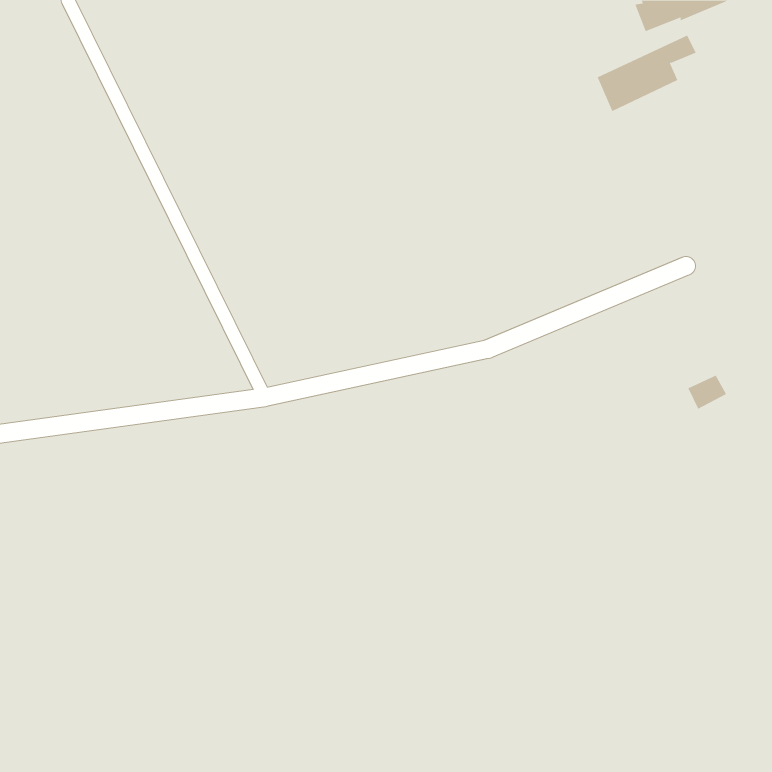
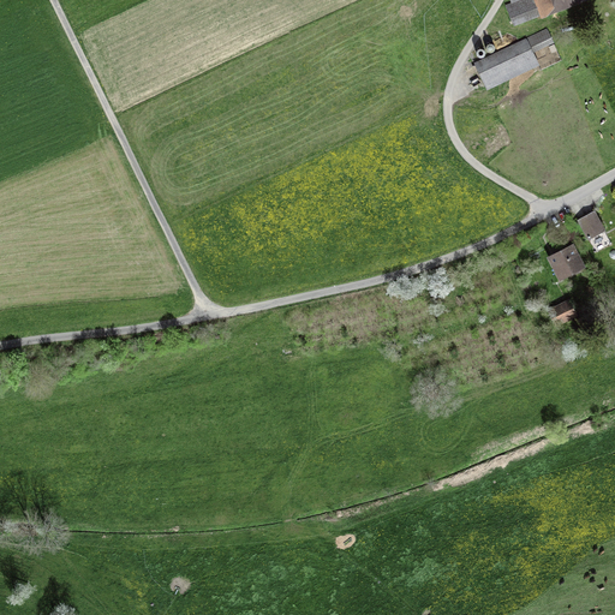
building: none -> [577,209,607,244]
building: none -> [547,241,586,279]

